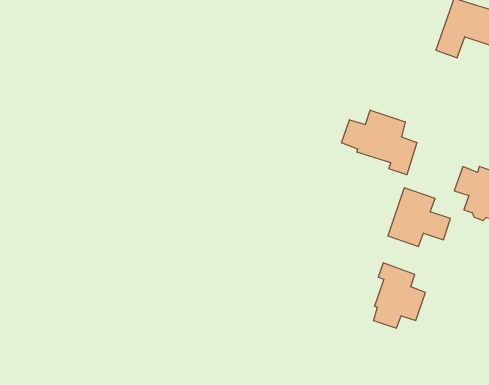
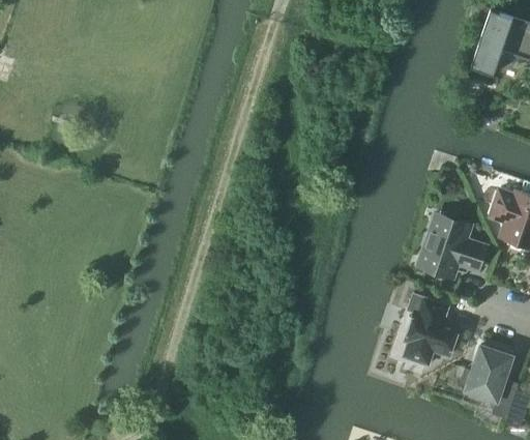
building: [342,110,417,175] -> none
building: none -> [459,345,516,417]

